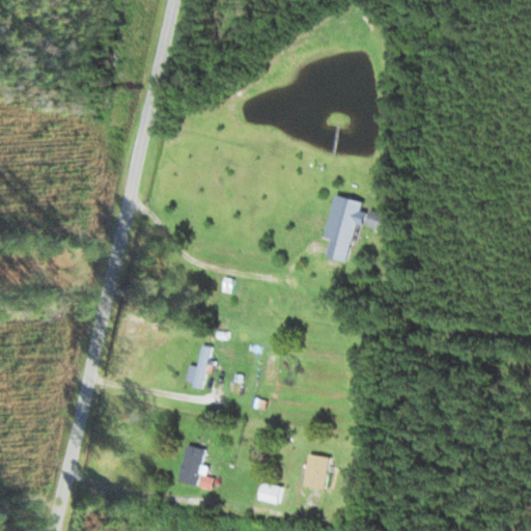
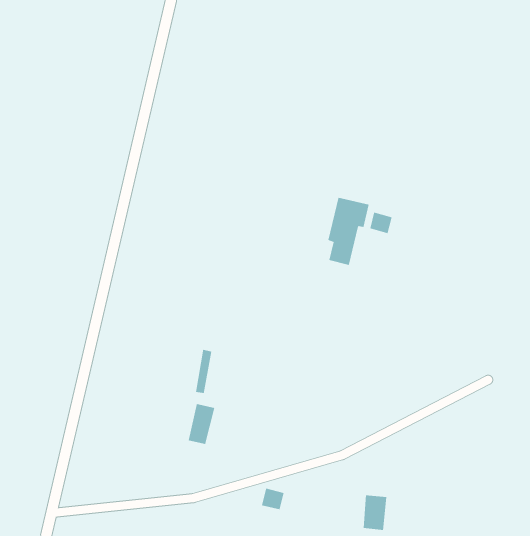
building: [177,446,204,486] -> [188,404,215,445]
building: [304,455,328,491] -> [363,495,387,530]

